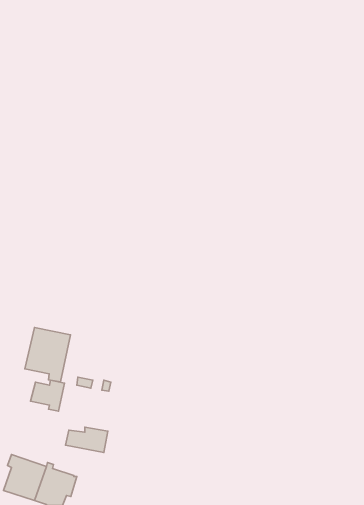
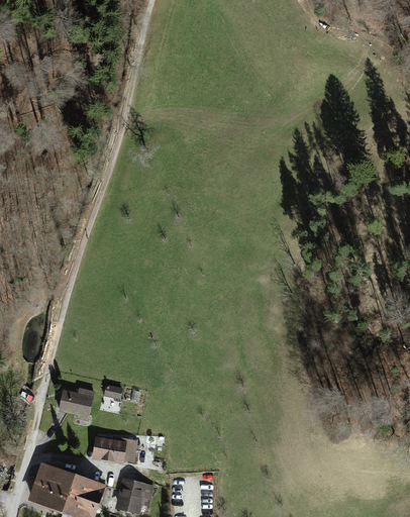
building: [25,328,71,382] -> none
building: none -> [119,481,151,510]

